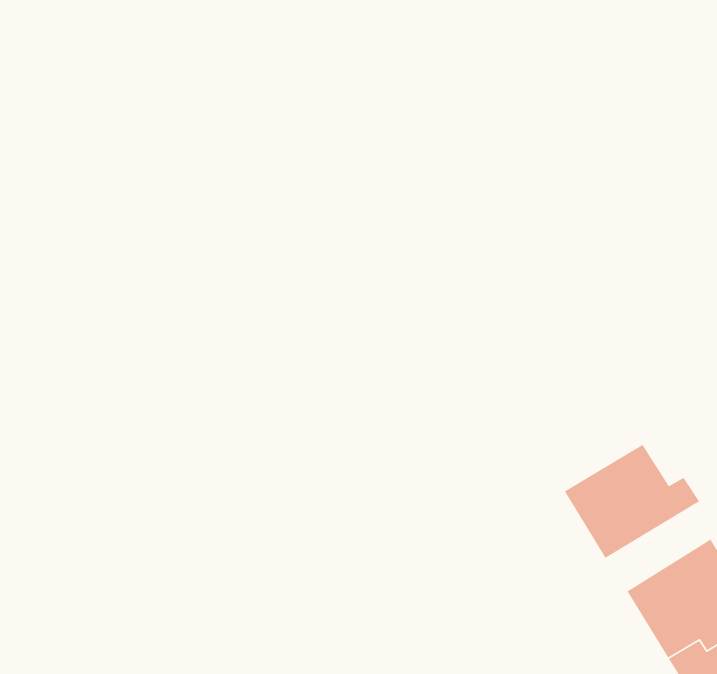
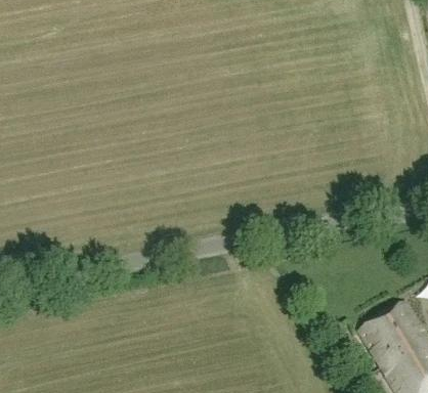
building: [564,444,700,559] -> none

